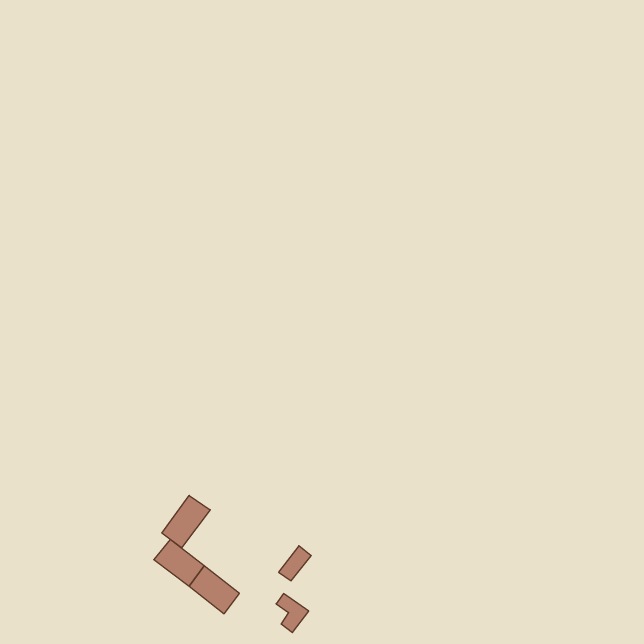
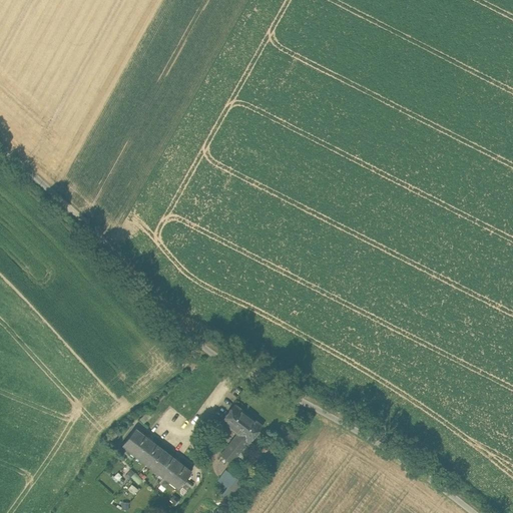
building: [162,495,210,548] -> none
building: none -> [221,404,263,443]

